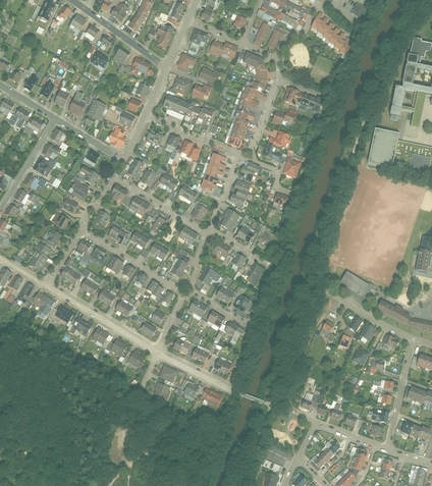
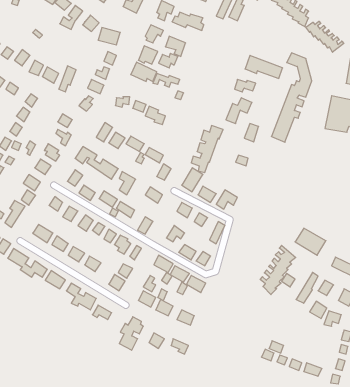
building: none -> [306,21,344,52]
building: [224,51,267,146] -> [271,53,312,142]
building: [199,153,223,187] -> none
building: none -> [260,245,296,295]

